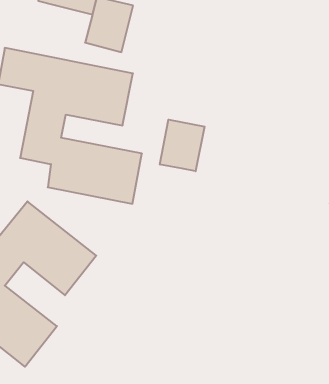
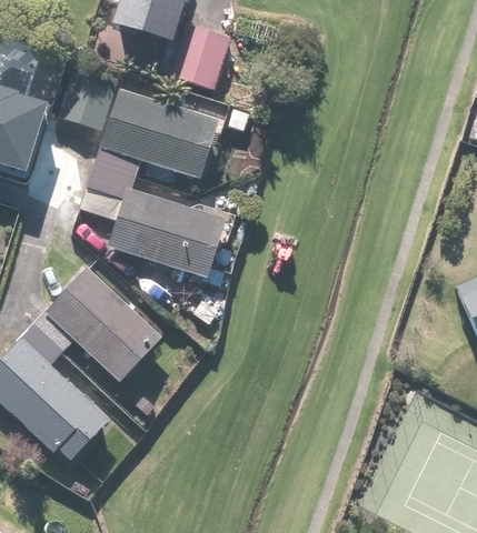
building: [160,120,205,171] -> none

